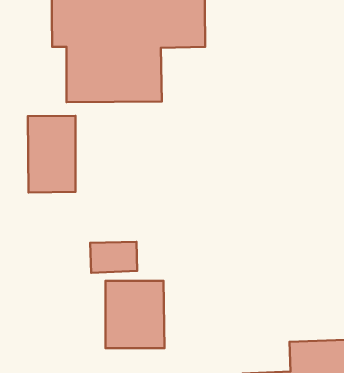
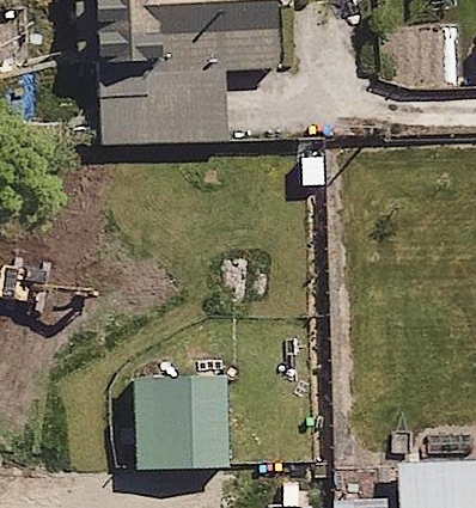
building: [28,116,75,192] -> none

